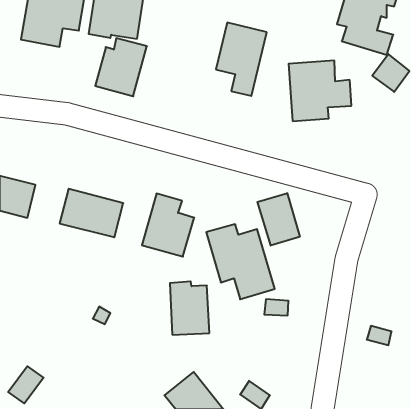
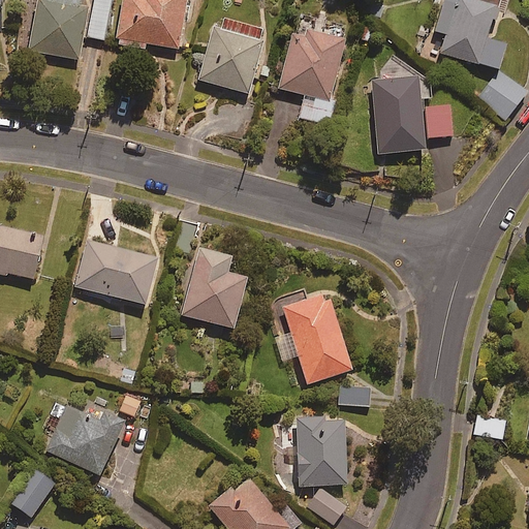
building: [95,38,147,96] -> [197,20,263,94]
building: [257,193,300,246] -> none
building: [170,281,209,335] -> [298,417,348,486]
building: none -> [48,406,126,475]

